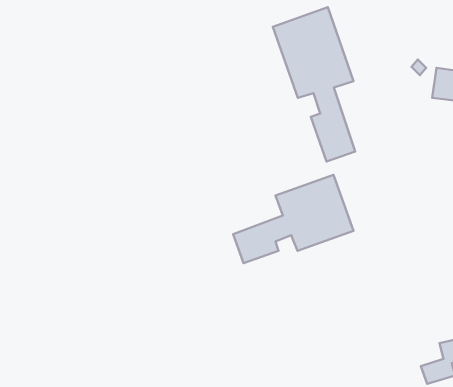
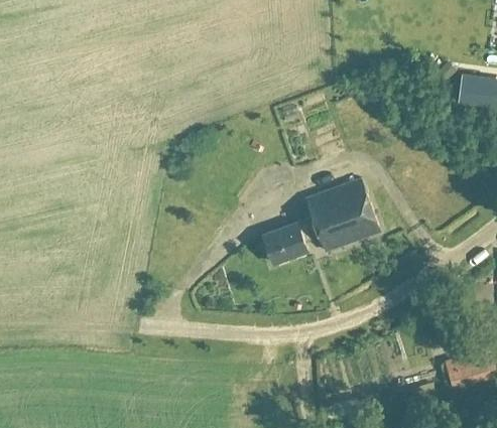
building: [273,7,355,161] -> none

